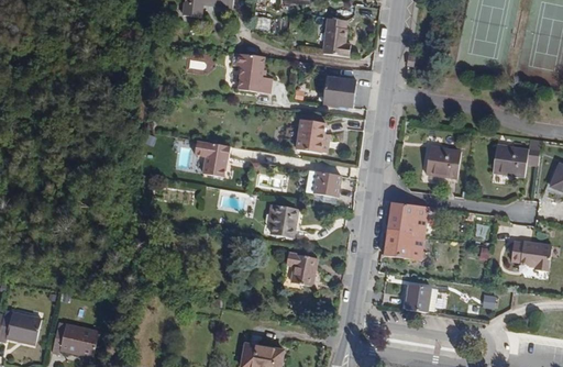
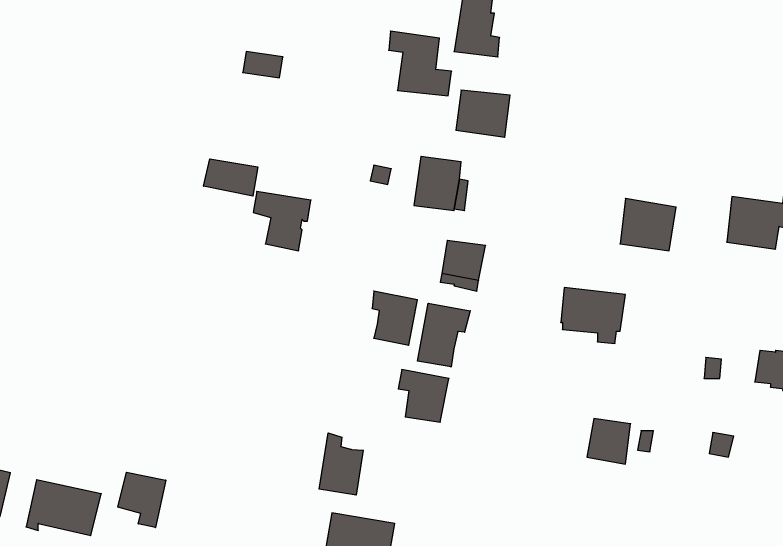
building: [232,53,272,93] -> [389,31,452,96]
building: none -> [204,159,258,196]
building: none -> [418,303,470,367]
building: [384,227,424,259] -> none
building: none -> [319,433,363,495]
building: none -> [118,472,166,528]

